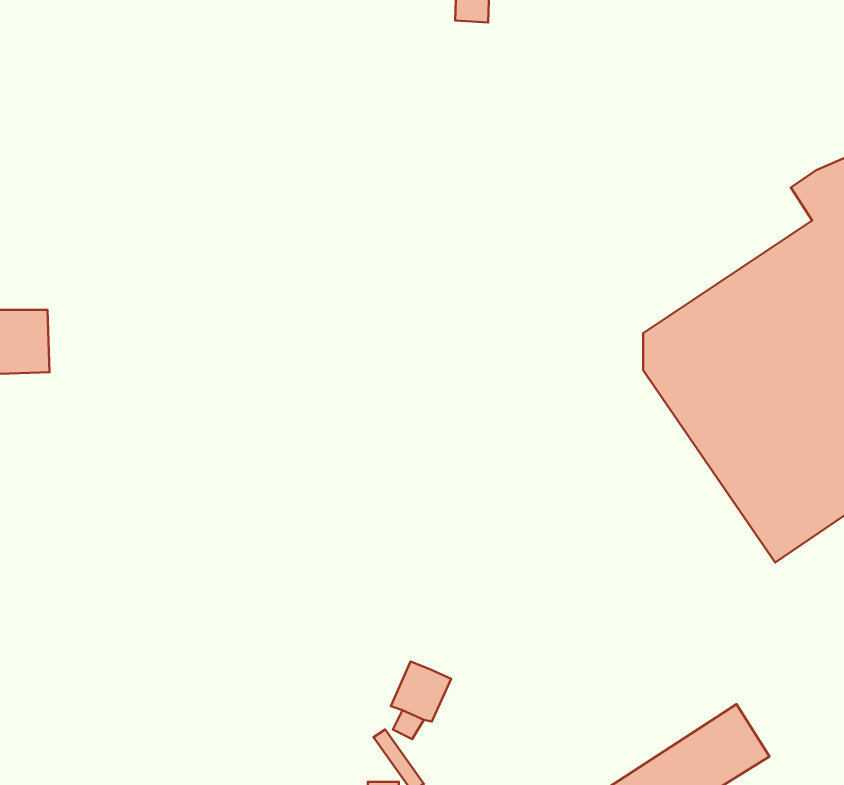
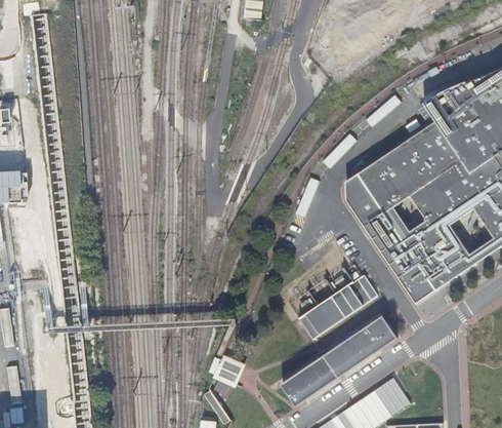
building: none -> [300,274,379,339]
building: none -> [284,316,400,406]

